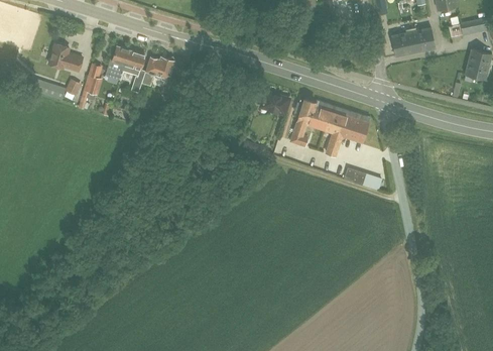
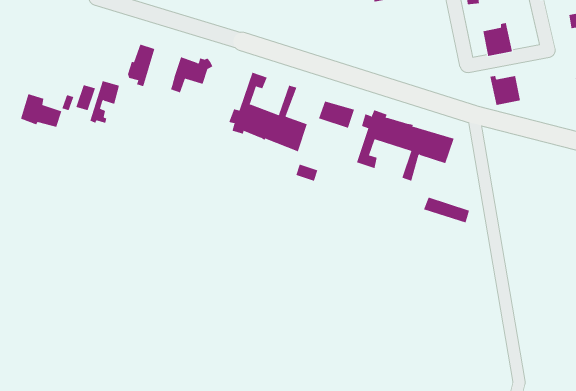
building: [409,27,435,51] -> [489,75,521,106]
building: [49,43,83,71] -> [20,93,62,128]
building: [123,49,145,92] -> none
building: none -> [229,72,308,152]

